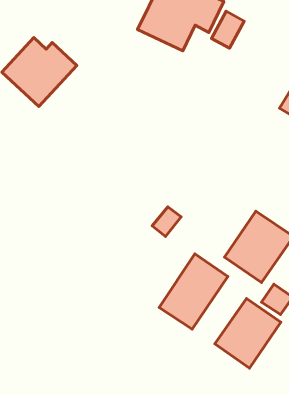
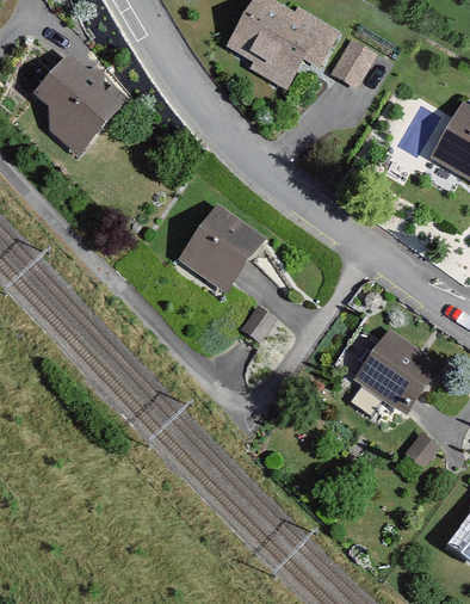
building: none -> [184,197,273,298]
building: [159,254,228,329] -> none
building: [215,298,281,368] -> none

